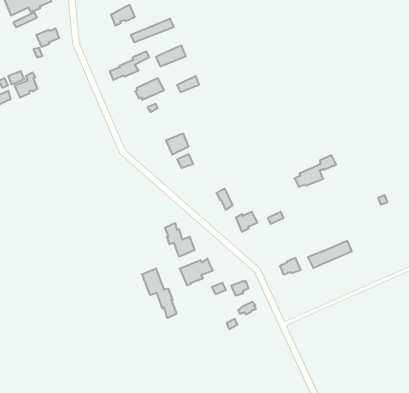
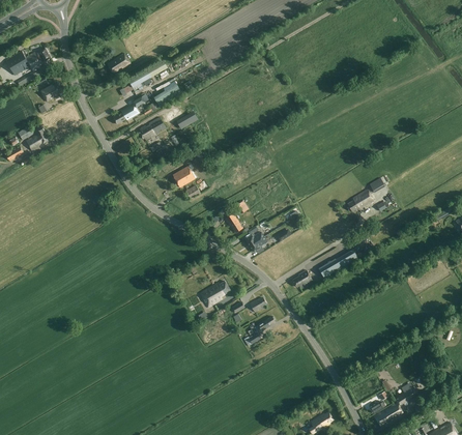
building: [294,155,336,187] -> [348,178,385,211]
building: [165,223,194,257] -> none
building: [142,268,176,318] -> none

